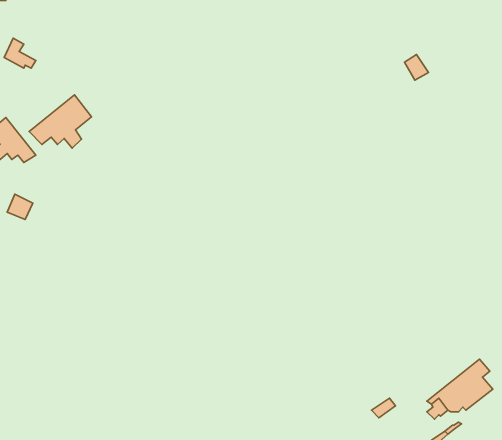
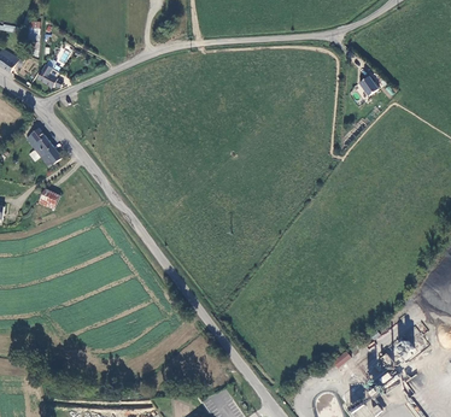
building: [29,95,92,148] -> none

